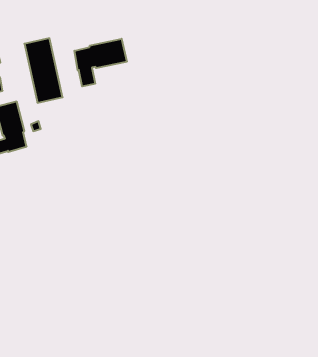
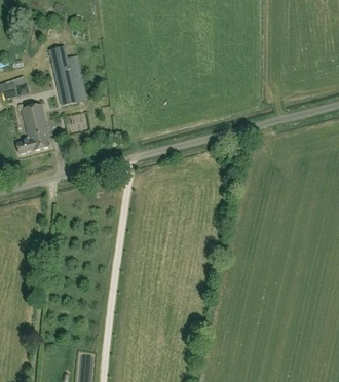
building: [74,39,127,86] -> none

